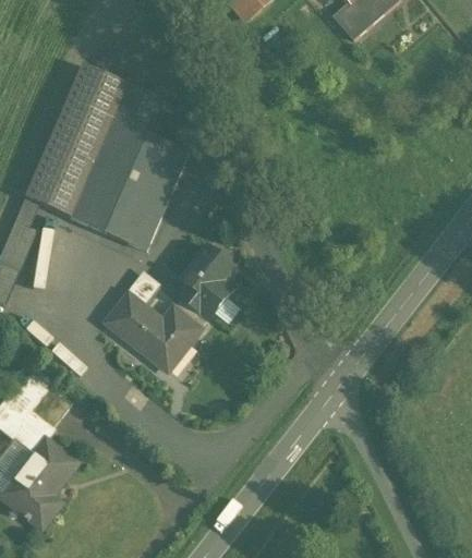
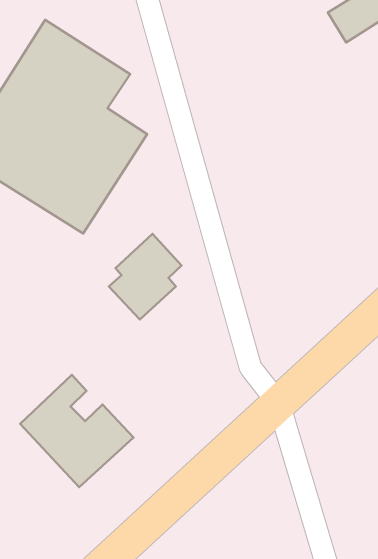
building: [105,274,208,373] -> [20,375,134,487]

